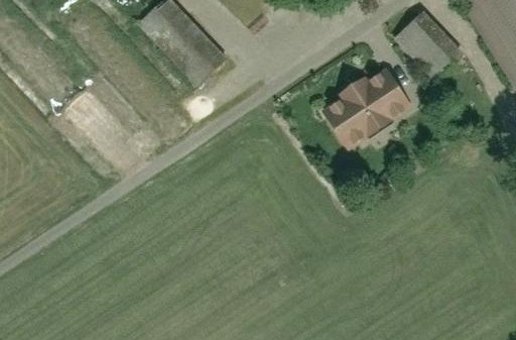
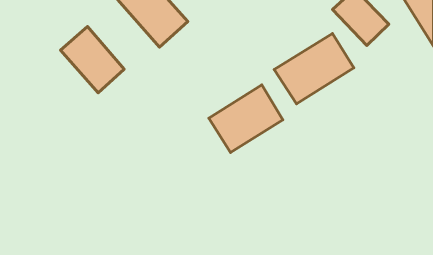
building: none -> [61,27,124,93]
building: none -> [209,85,283,153]

